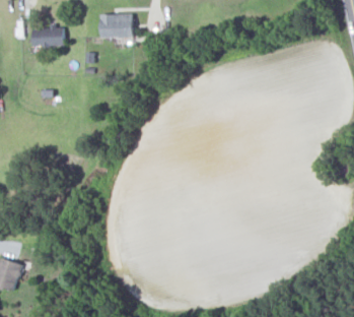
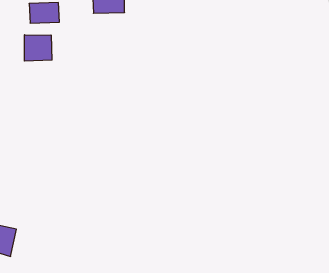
building: none -> [25,35,52,61]

